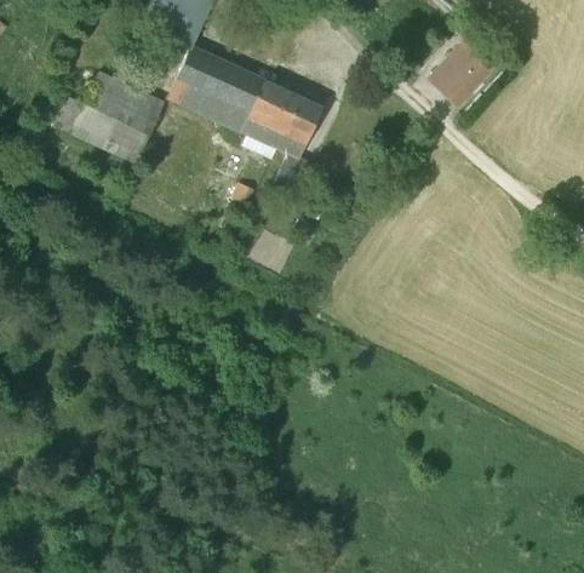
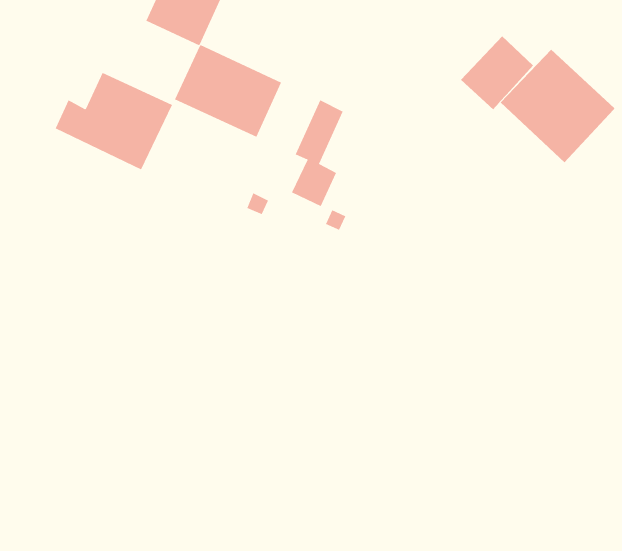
building: none -> [500,49,615,163]
building: [242,80,300,147] -> none

